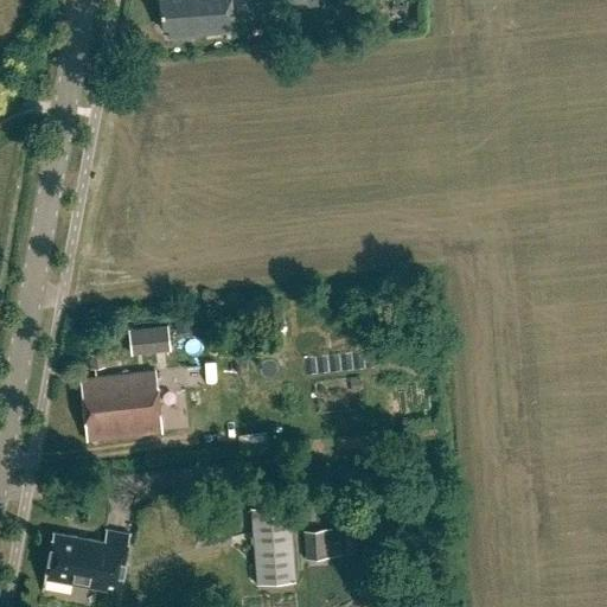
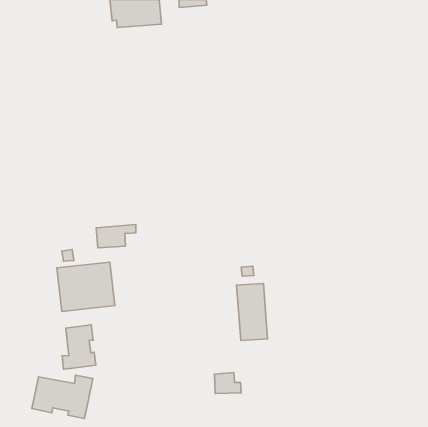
building: none -> [62,325,96,369]
building: [251,505,295,586] -> [237,283,268,340]

